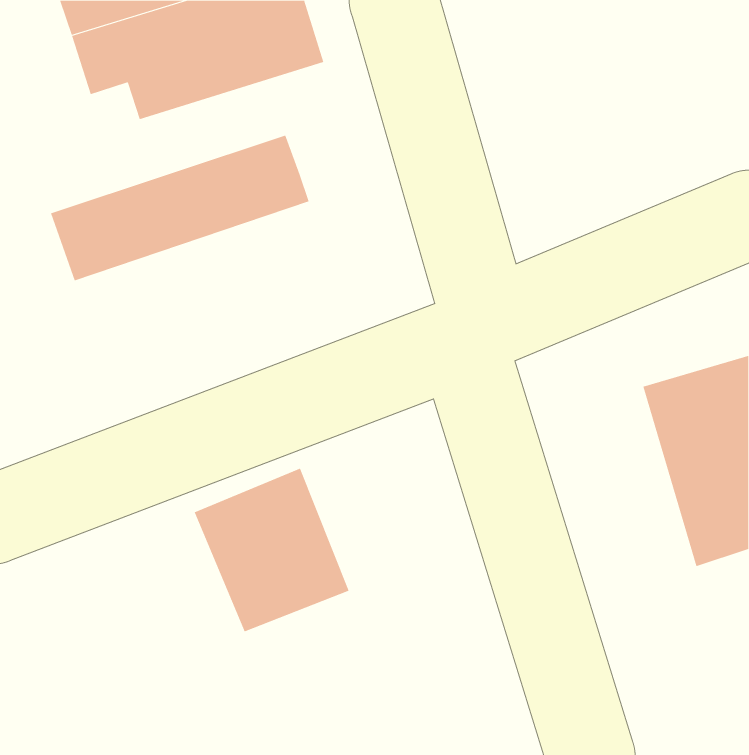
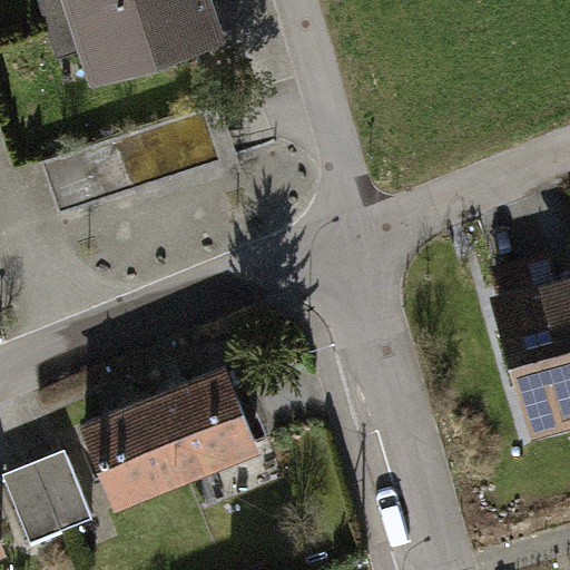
building: none -> [73,386,184,509]
building: none -> [7,451,95,544]

